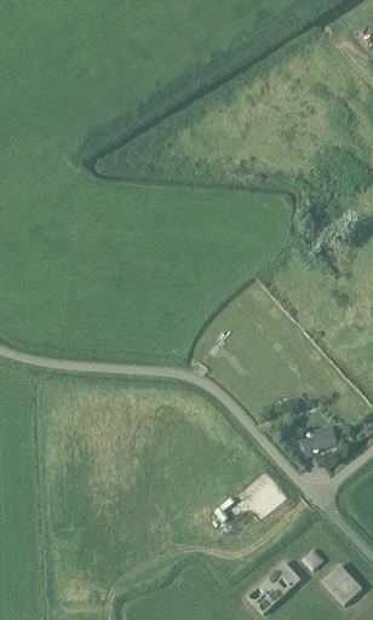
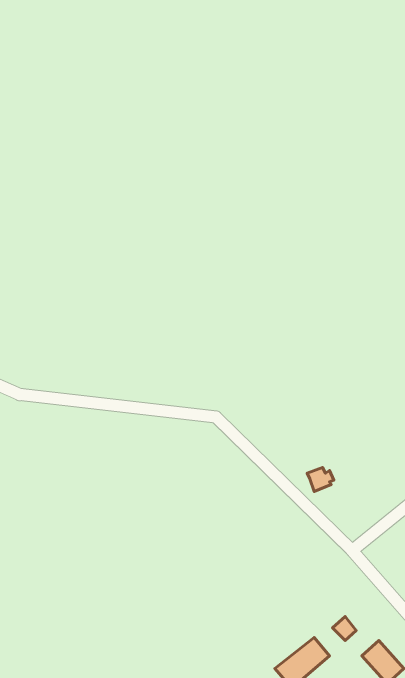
building: [302,424,337,454] -> none

